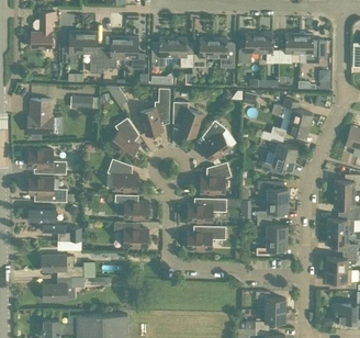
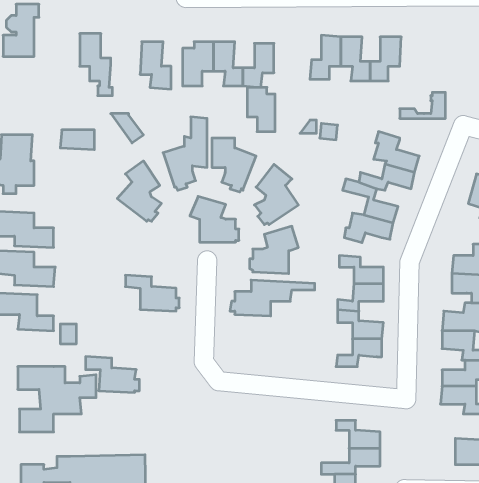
building: [63,31,83,63] -> none
building: [299,34,326,65] -> none
building: [103,37,125,68] -> none
building: [214,38,233,68] -> [247,87,275,132]
building: [106,159,139,190] -> [190,196,239,242]
building: [114,222,150,246] -> [86,357,139,392]
building: [184,226,225,249] -> none

